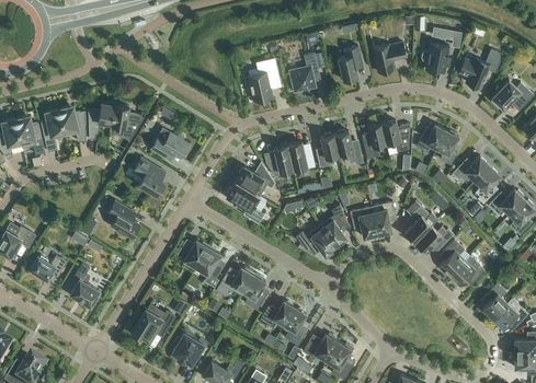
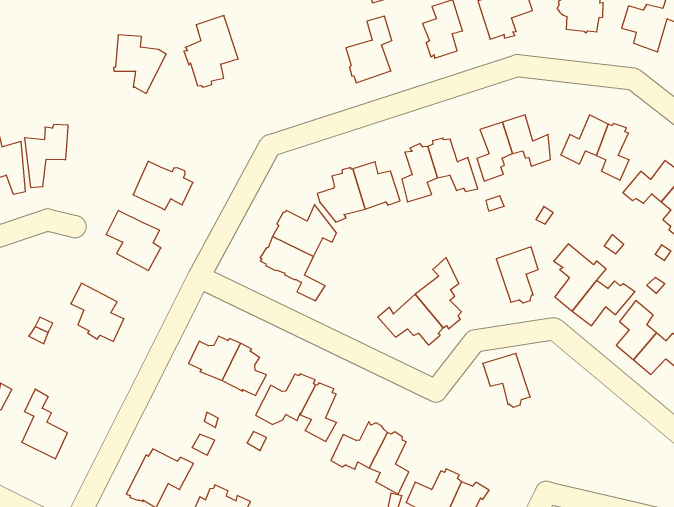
building: [248,58,281,101] -> [184,15,238,87]
building: [111,103,144,140] -> [114,35,166,93]
building: [350,206,377,239] -> [483,353,530,407]

